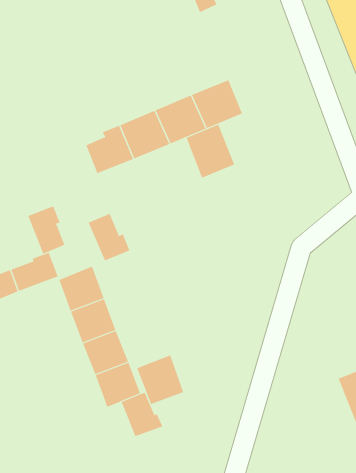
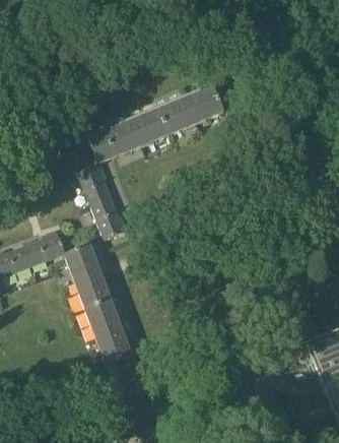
building: [186,124,235,178] -> none
building: [28,205,65,254] -> [76,163,109,205]
building: [137,355,184,405] -> none

